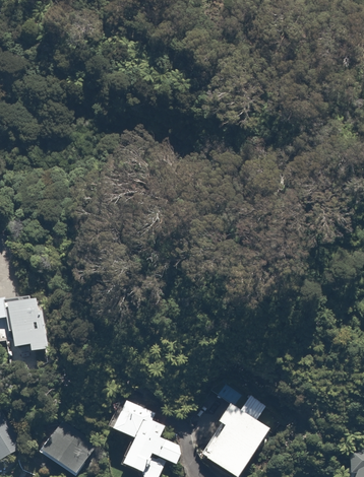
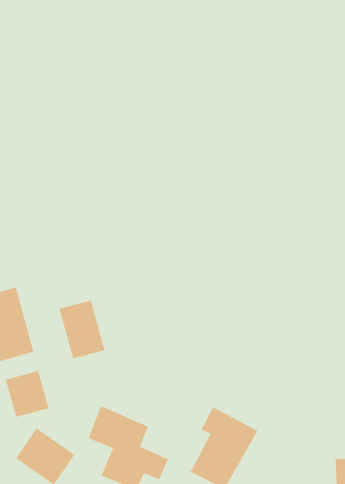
building: none -> [59,300,105,359]
building: none -> [5,370,49,418]

